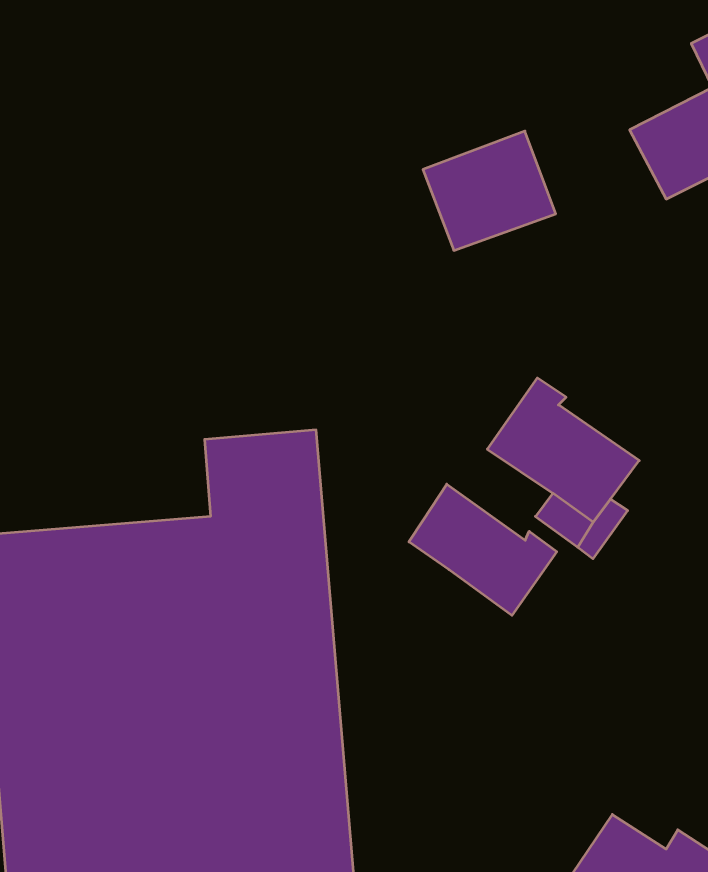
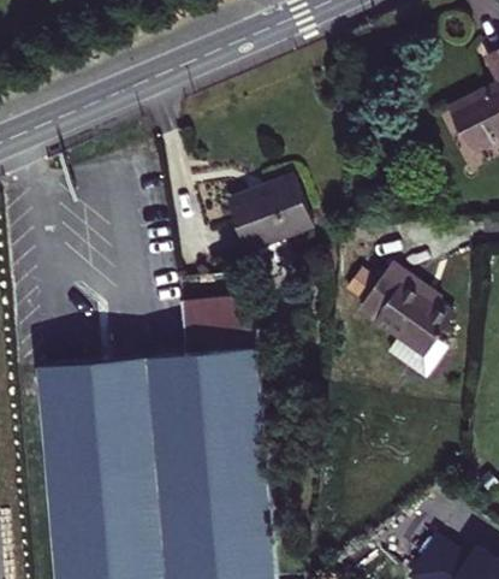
building: [423,131,556,250] -> [228,176,311,250]
building: [409,484,557,615] -> none

